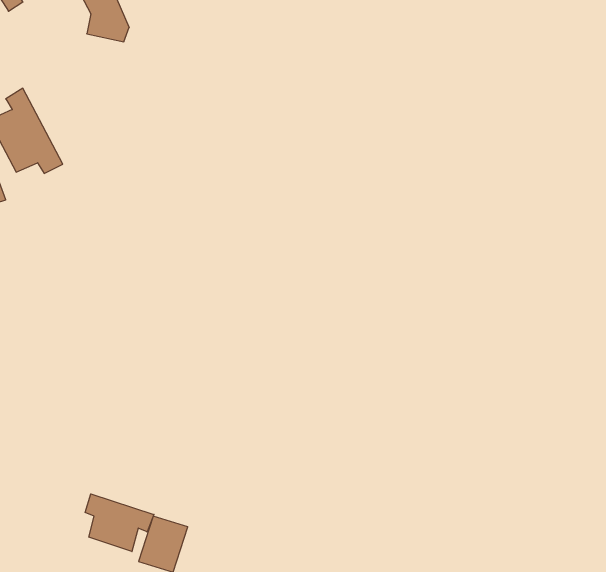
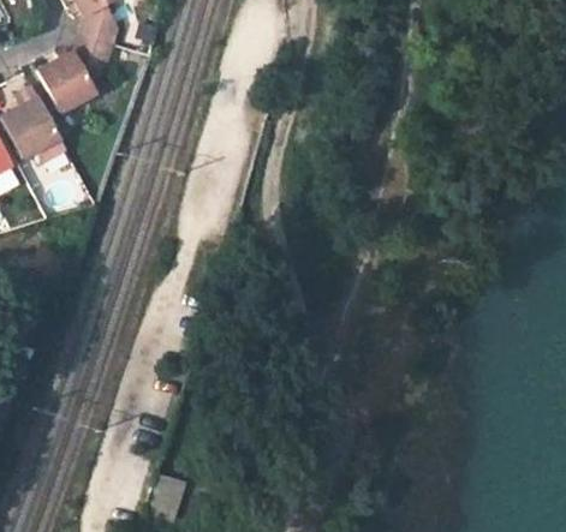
building: none -> [42,34,121,109]
building: [85,494,154,552] -> none

